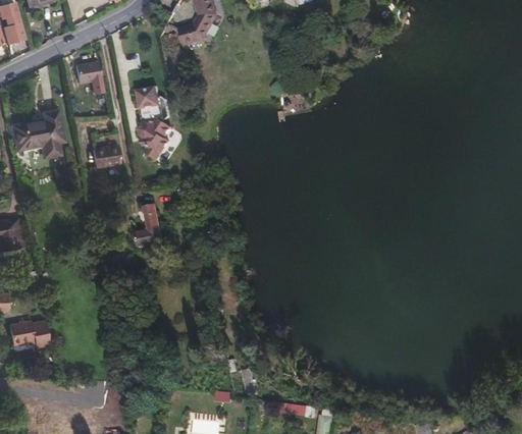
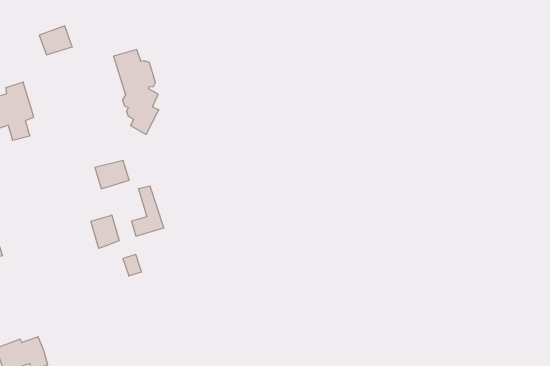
building: [94,145,121,166] -> [95,160,129,189]
building: none -> [91,215,119,248]

